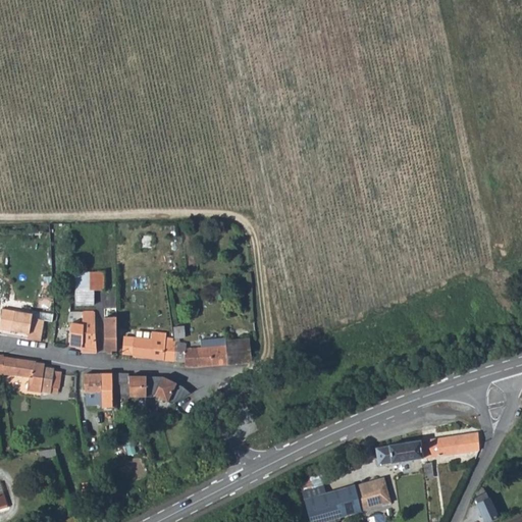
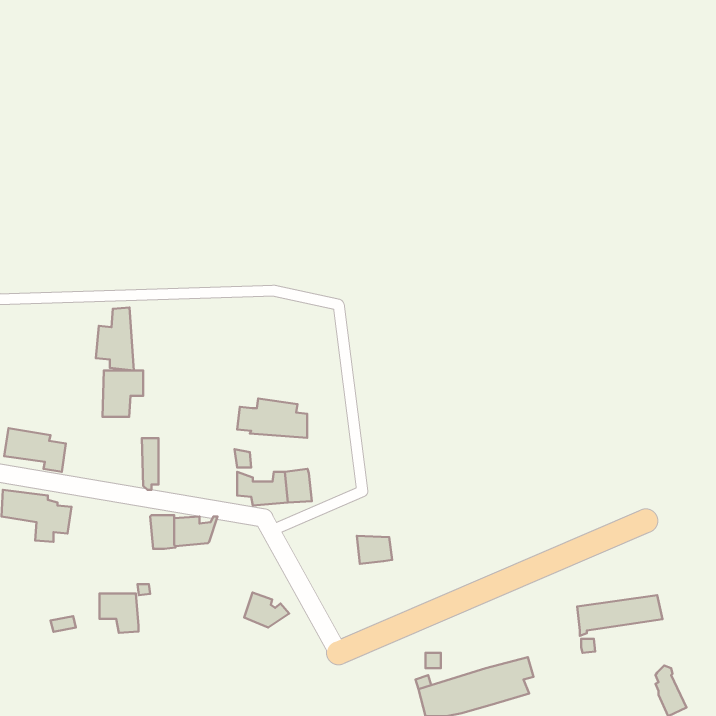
building: [69,310,97,356] -> [96,307,134,371]
building: [121,331,172,360] -> [237,398,307,438]
building: [224,344,250,364] -> [357,536,392,564]
building: [83,375,111,404] -> [99,593,139,633]
building: [152,375,185,401] -> [244,592,289,627]
building: [375,440,421,464] -> none

